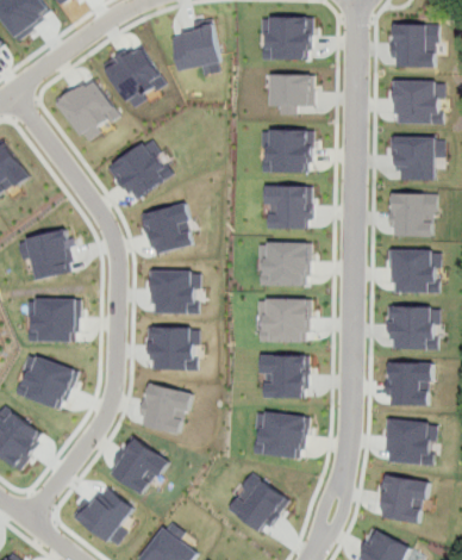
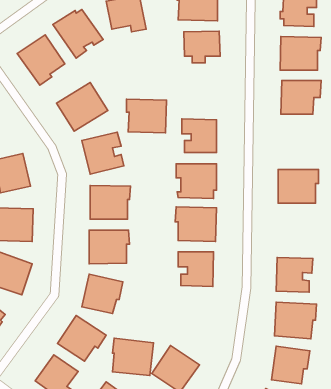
building: [261,130,312,173] -> [126,99,167,133]
building: [389,194,435,237] -> none
building: [386,306,438,350] -> none
building: [254,411,306,459] -> [112,338,153,376]

